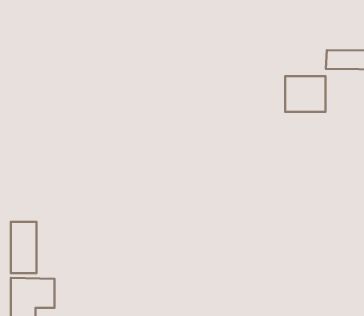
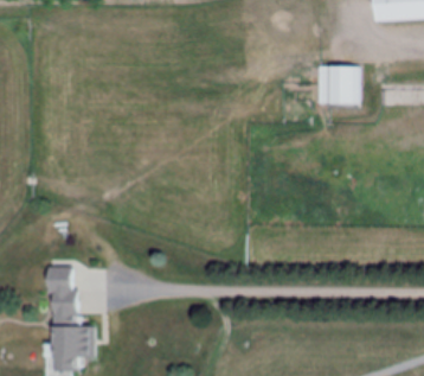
building: [285,76,325,112] -> [319,65,361,103]

